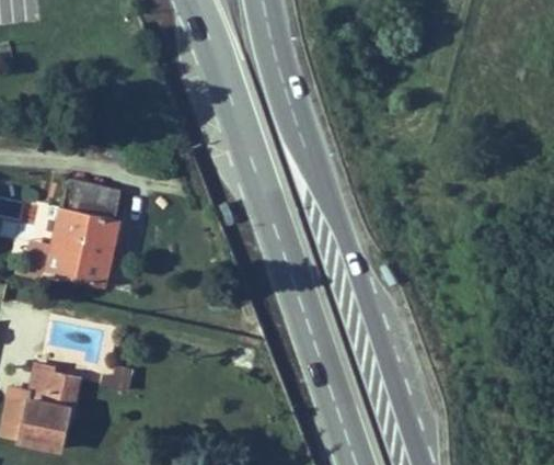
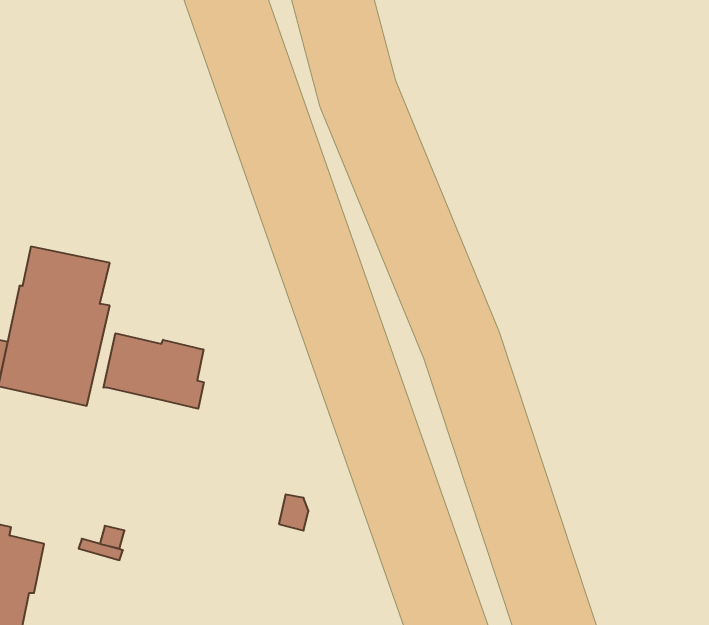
building: none -> [104,333,204,409]

